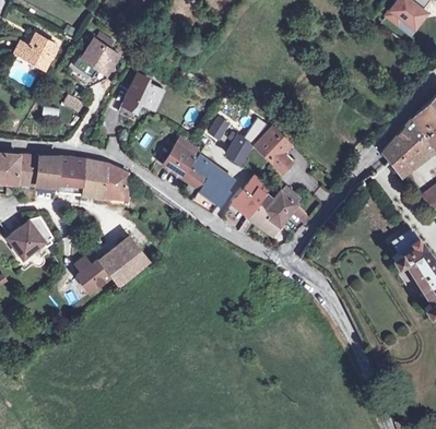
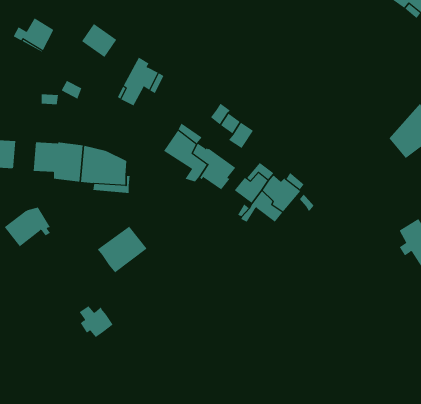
building: [256,126,291,169] -> none
building: [17,154,38,183] -> none
building: [75,257,109,288] -> [79,305,113,338]

